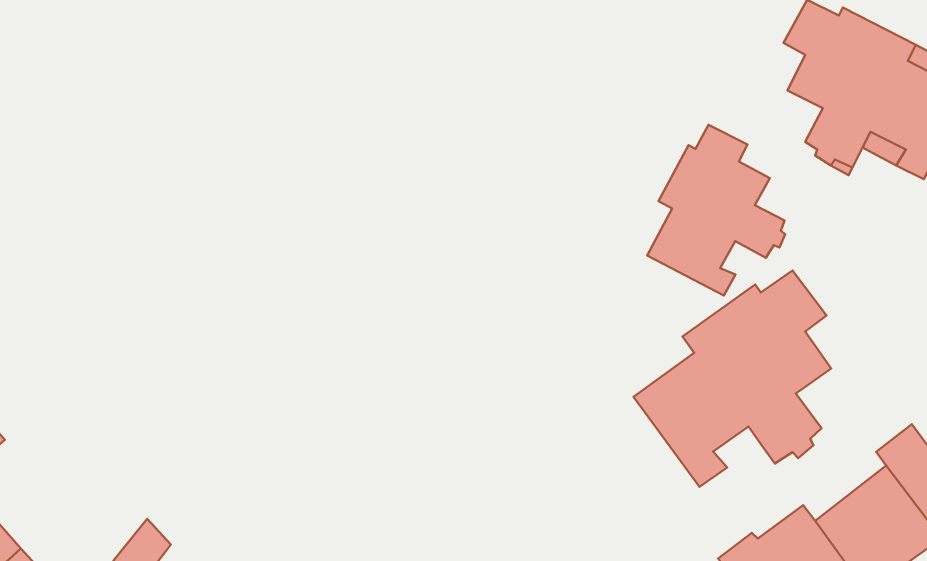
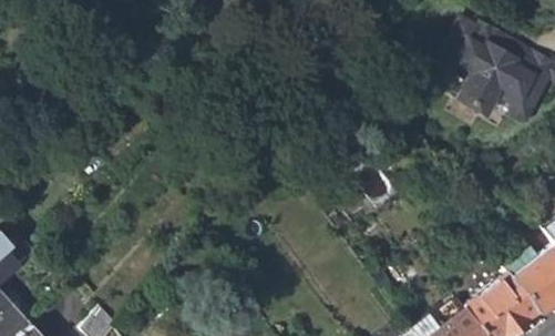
building: [647,125,785,296] -> none
building: [634,270,831,487] -> none

